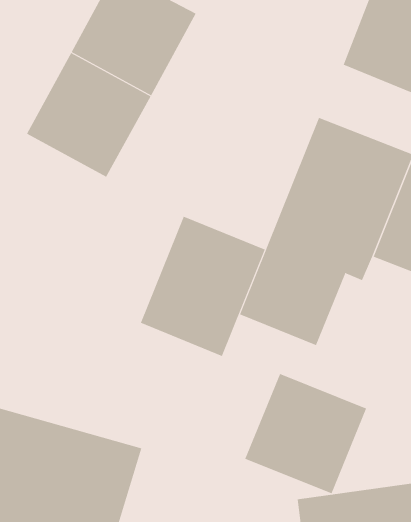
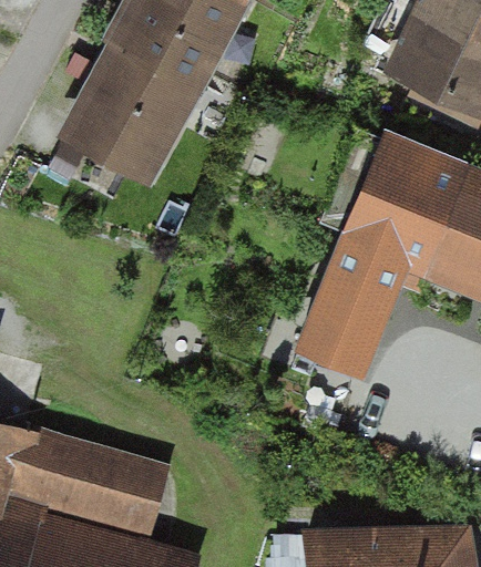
building: [140,216,265,357] -> none
building: [245,373,367,494] -> none

